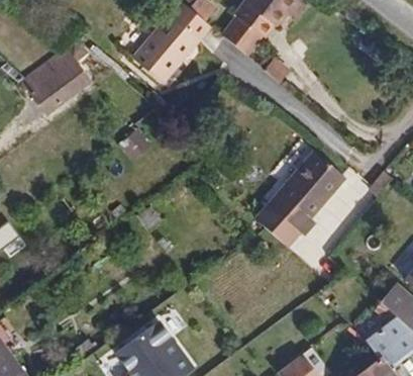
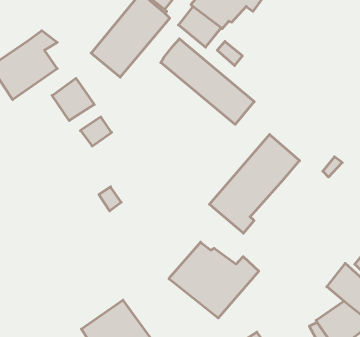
building: none -> [161,39,254,124]
building: none -> [52,78,94,121]
building: none -> [169,242,259,318]

